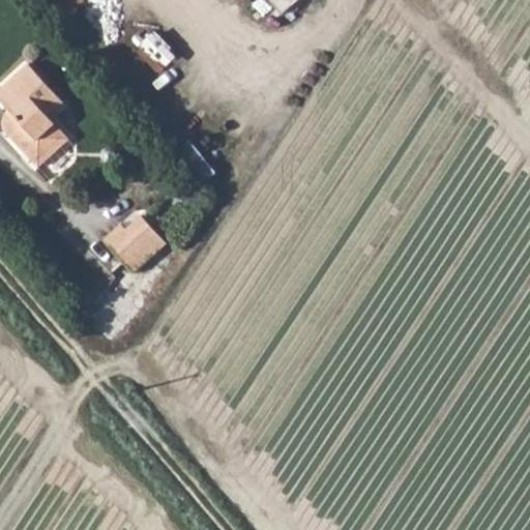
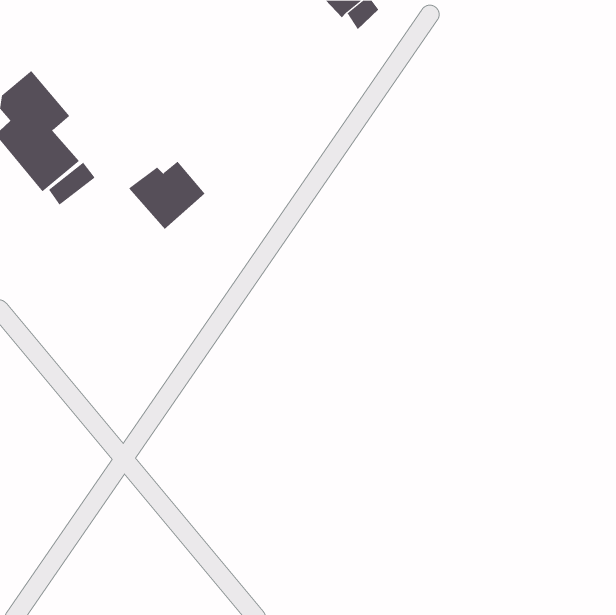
building: [100,214,167,273] -> [128,161,206,230]

